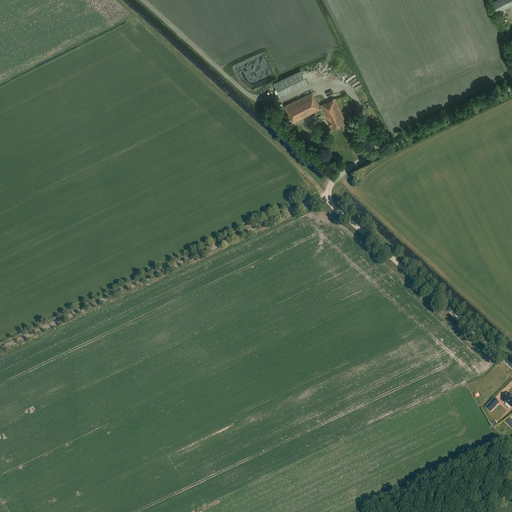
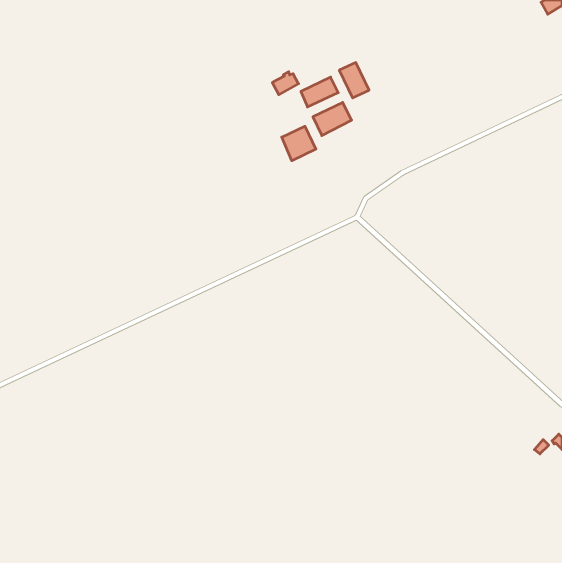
building: [319,98,346,130] -> [339,63,369,98]
building: none -> [282,126,316,161]

